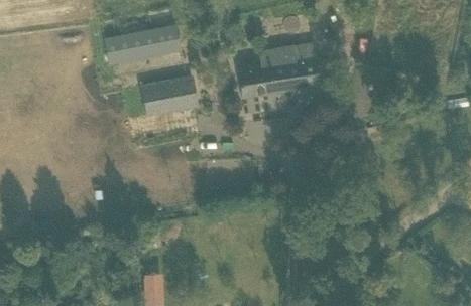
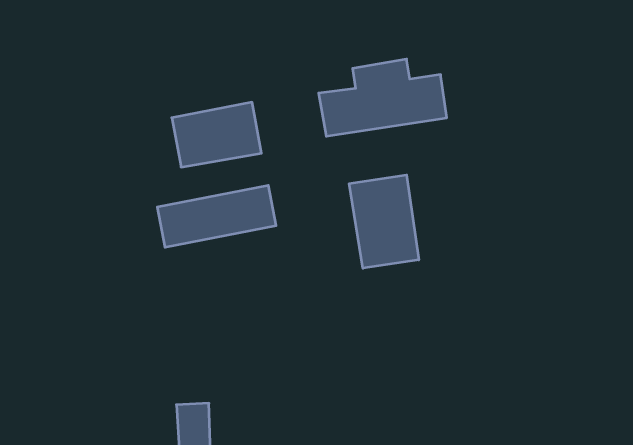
building: [104,24,182,64] -> [157,185,276,247]
building: none -> [349,175,419,268]

